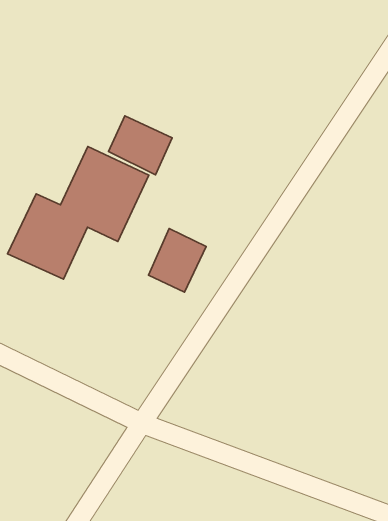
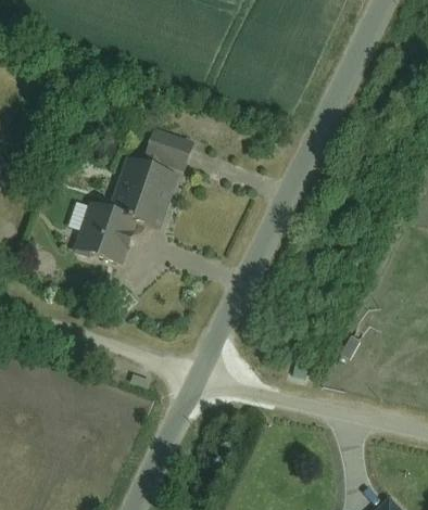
building: [149,229,206,292] -> none

